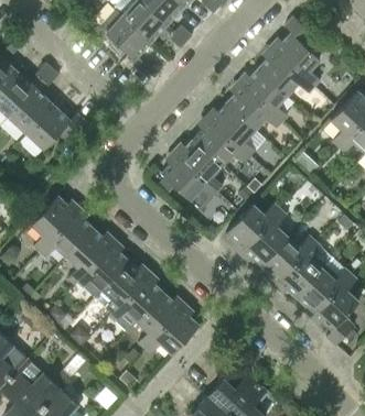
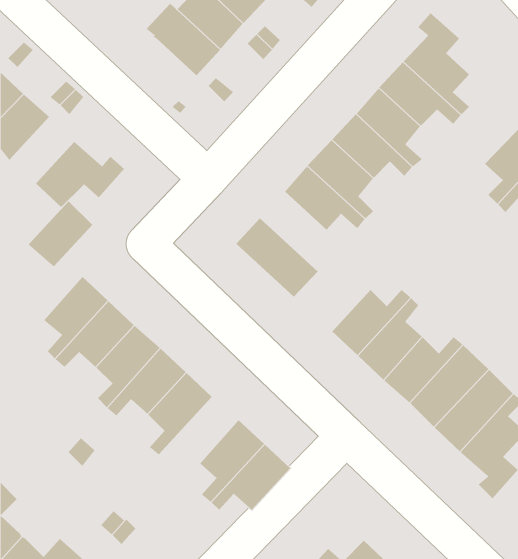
building: [8,87,52,132] -> [28,201,93,267]
building: [178,138,223,191] -> none
building: [109,276,163,321] -> none

